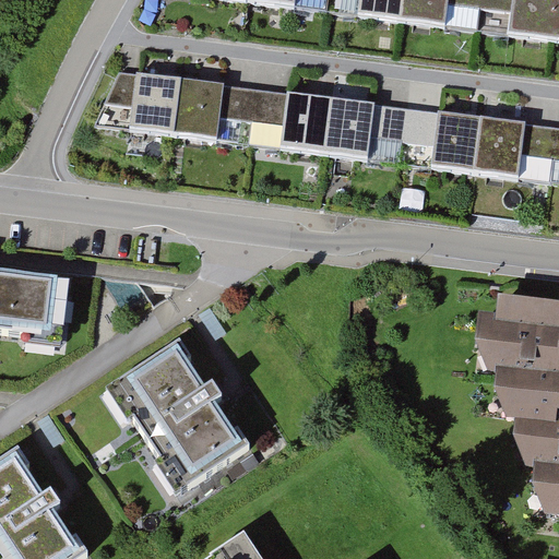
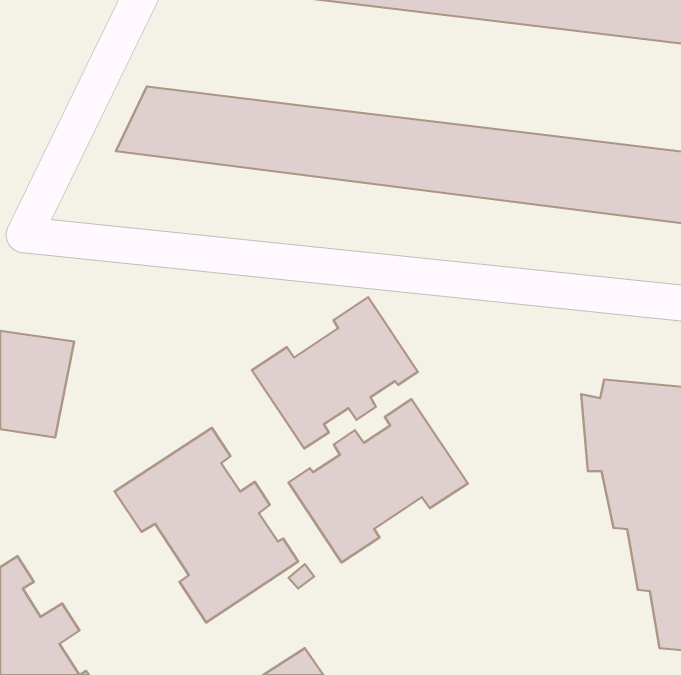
building: none -> [252,297,418,448]
building: none -> [289,399,468,563]

